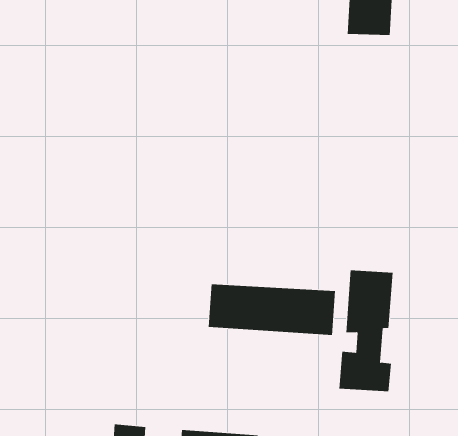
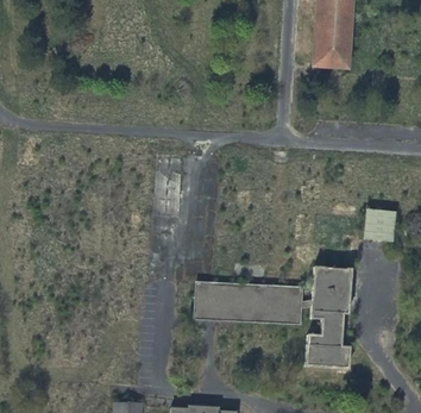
building: none -> [363,207,396,240]

